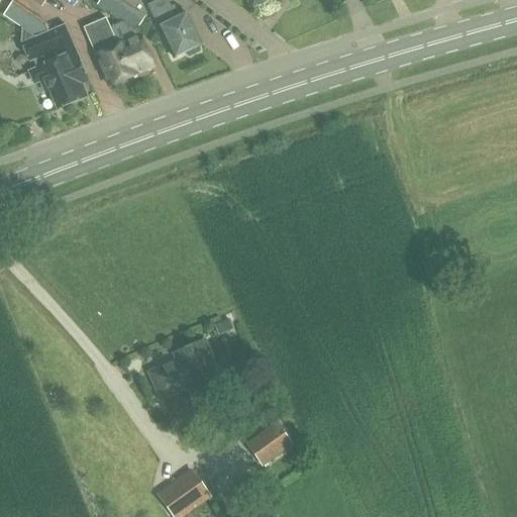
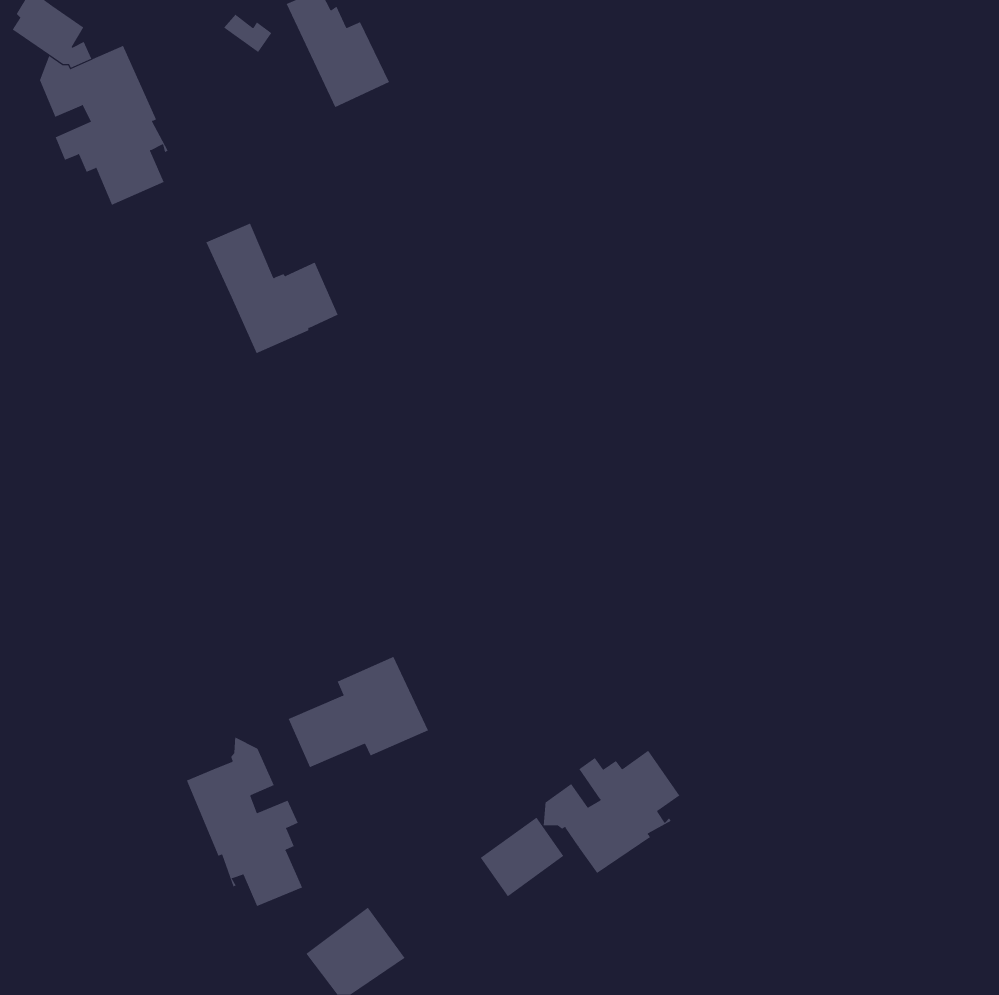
building: [82,15,150,83] -> [205,223,339,354]
building: none -> [186,736,303,907]
building: none -> [543,750,680,874]

